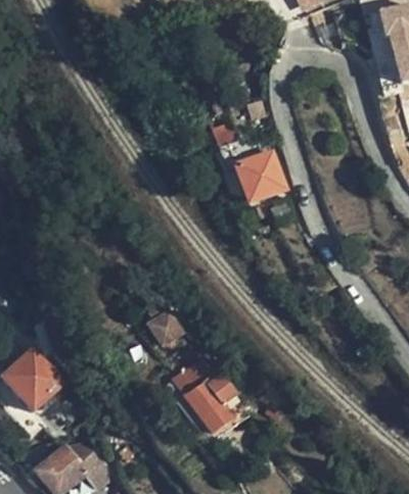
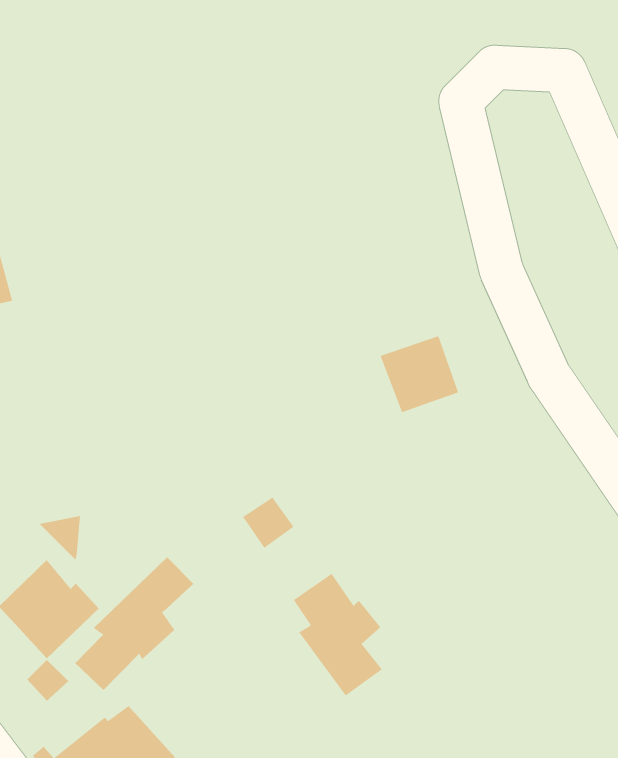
building: [238,150,286,197] -> [379,335,459,413]
building: none -> [75,556,194,691]

